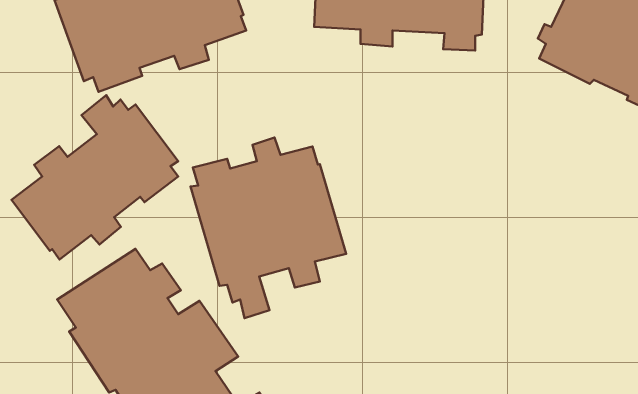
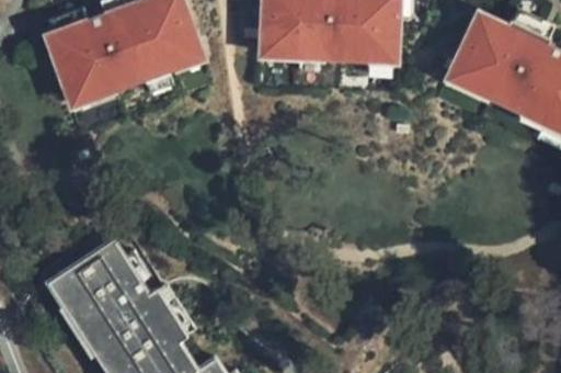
building: [11,95,178,260] -> none
building: [191,138,346,318] -> none

